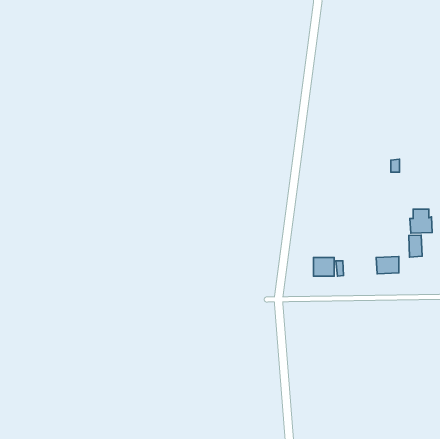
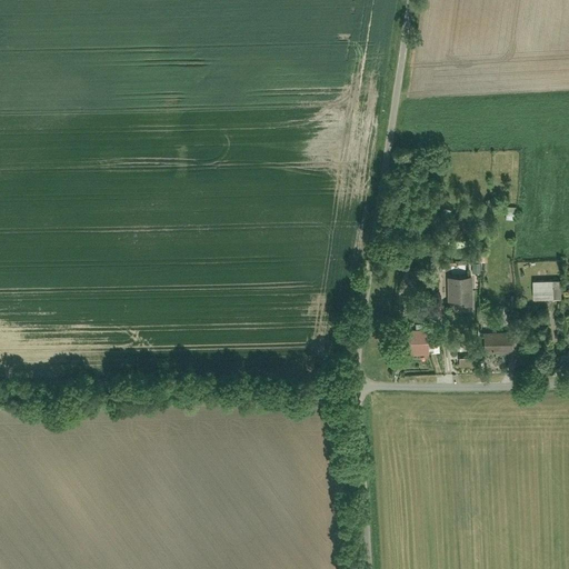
building: none -> [451,280,471,306]
building: [409,235,422,257] -> none

